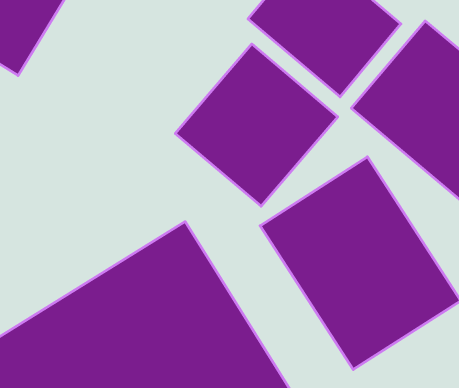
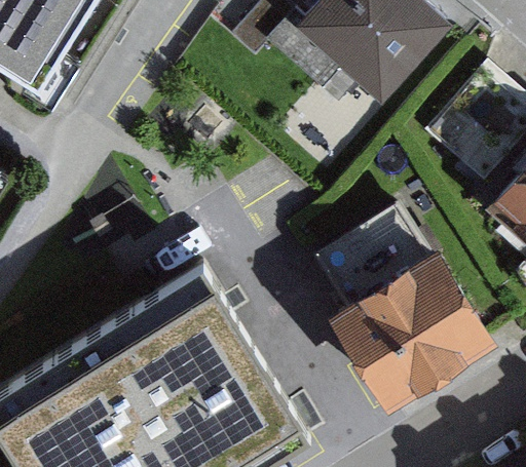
building: [175,44,338,206] -> none

